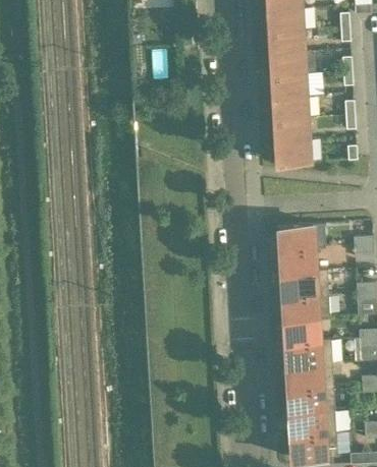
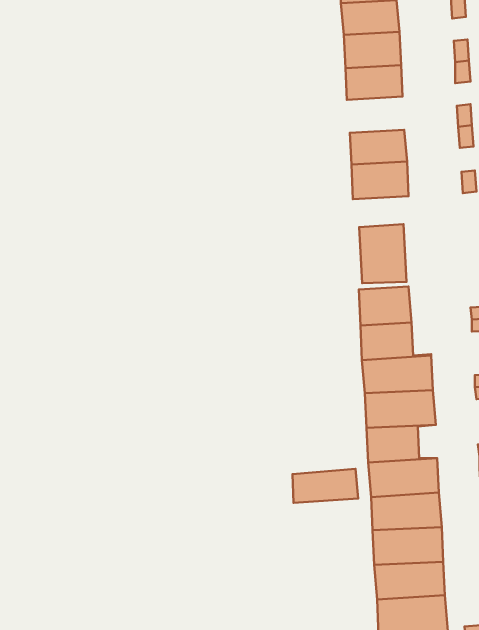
building: [270,96,309,120] -> none
building: none -> [359,224,407,283]
building: none -> [292,469,358,503]

